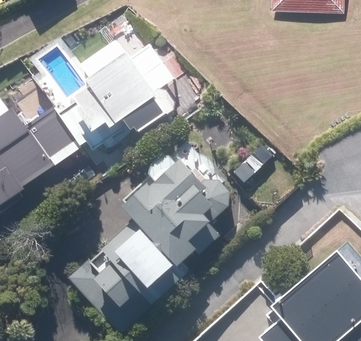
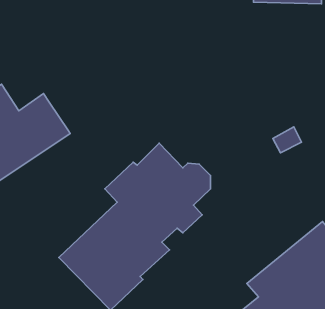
building: [59,41,175,150] -> none

